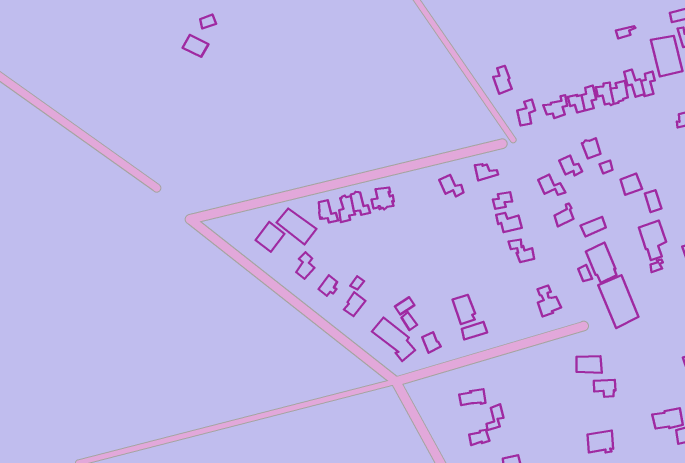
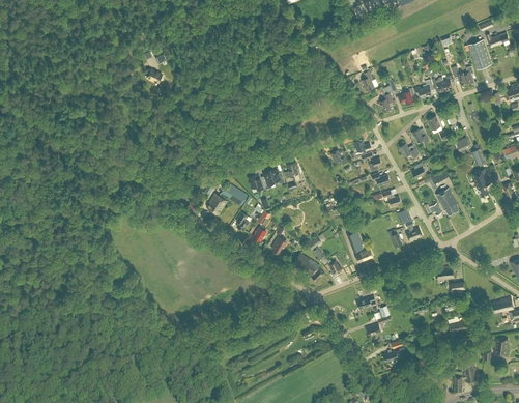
building: [598,275,639,328] -> none

